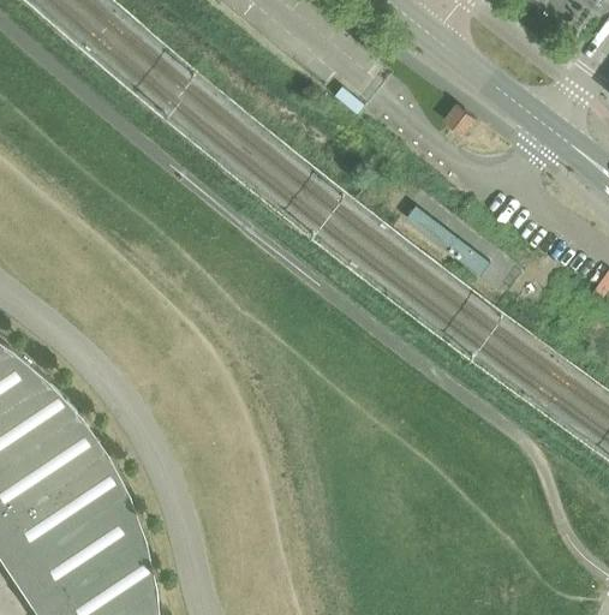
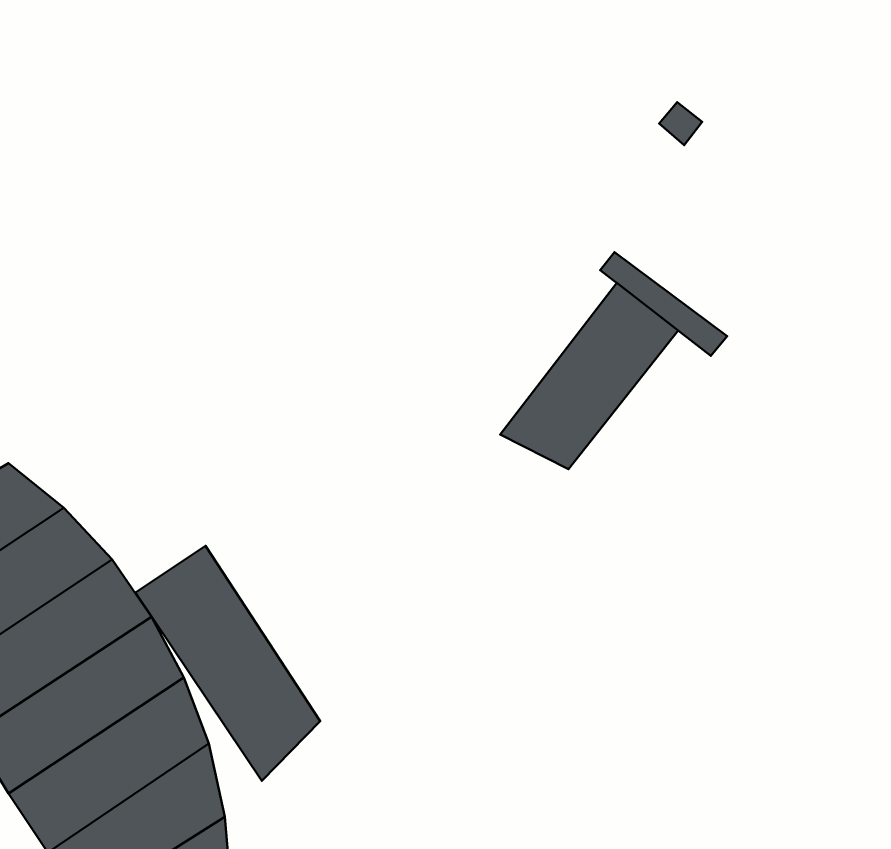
building: none -> [500,283,678,469]
building: none -> [135,546,320,781]

